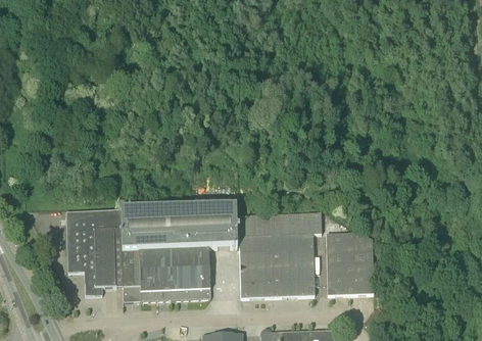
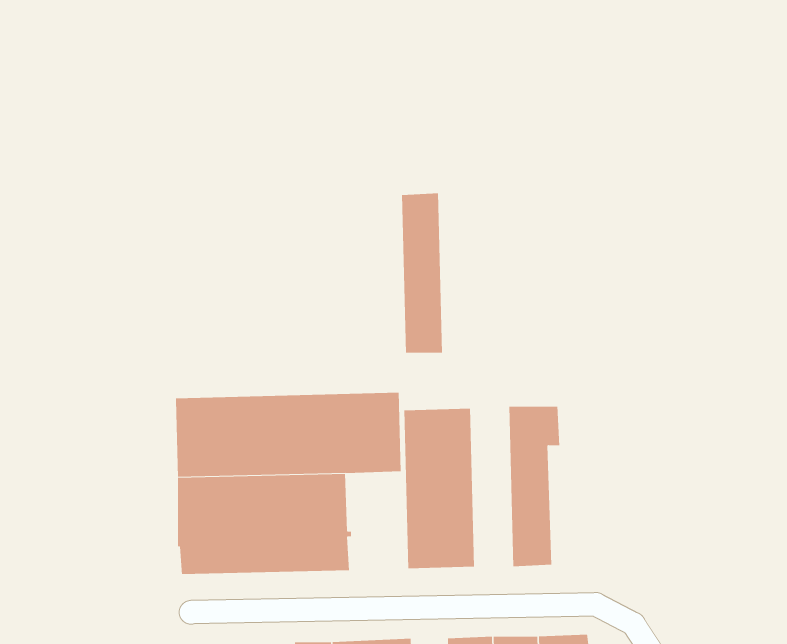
building: [67,209,123,294] -> none
building: [274,212,295,295] -> [401,193,443,353]
building: [319,212,374,294] -> none

